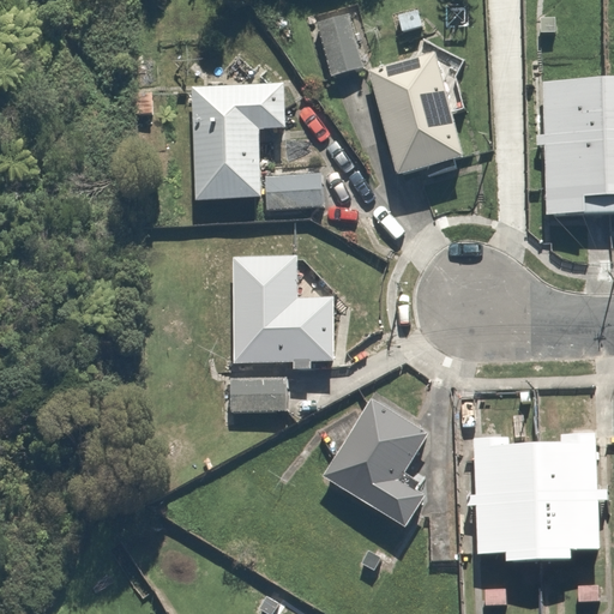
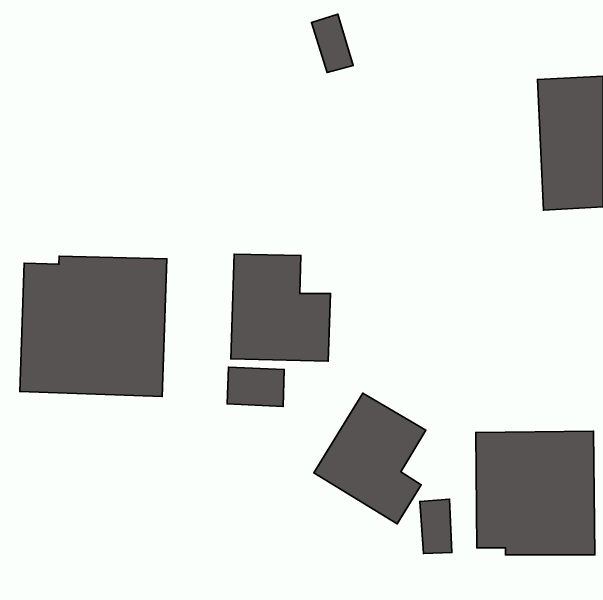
building: [363,49,466,177] -> none
building: [188,86,324,206] -> none
building: none -> [20,256,167,396]

